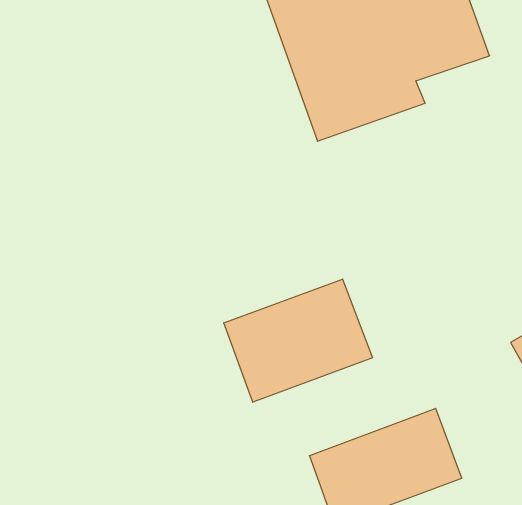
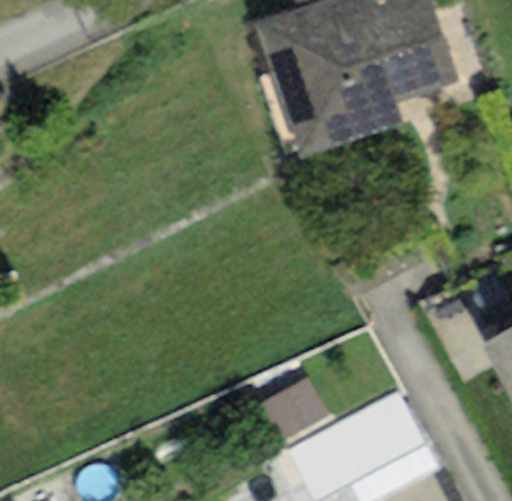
building: [224,279,373,402] -> none

